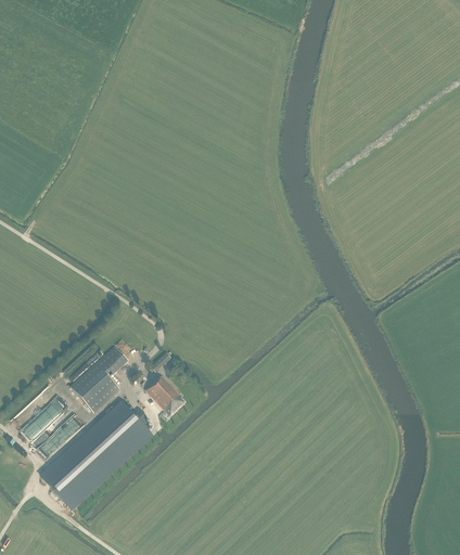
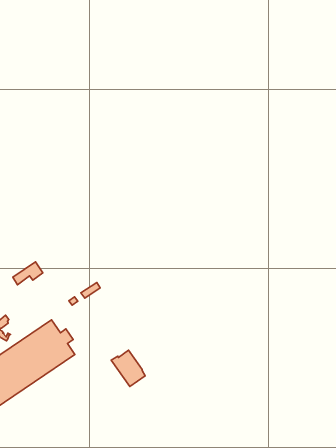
building: [69,346,127,412] -> none
building: [143,375,183,415] -> [111,350,145,386]

